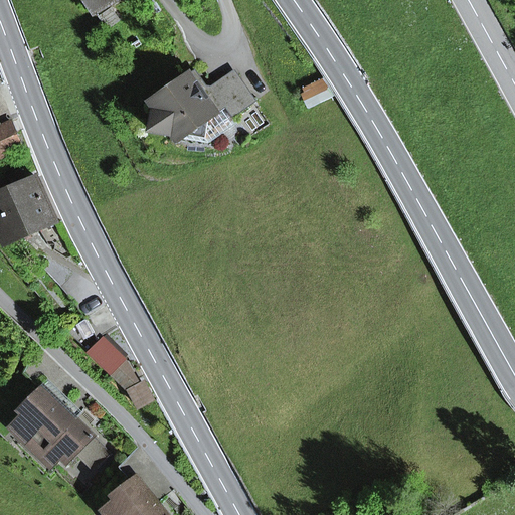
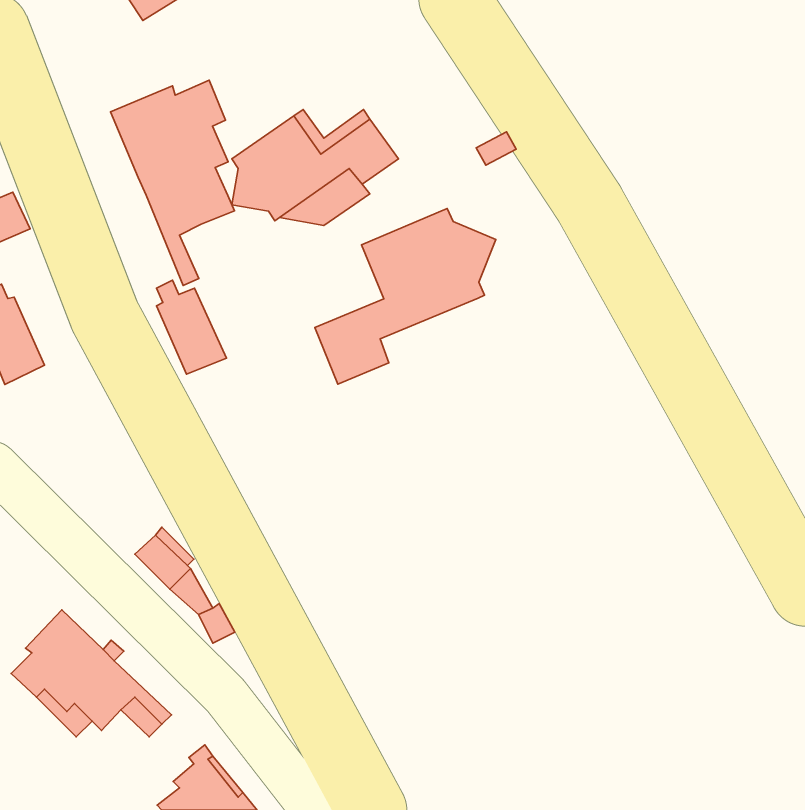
building: none -> [110,80,234,286]
building: none -> [315,208,496,384]
building: [9,172,53,231] -> [156,280,226,374]

